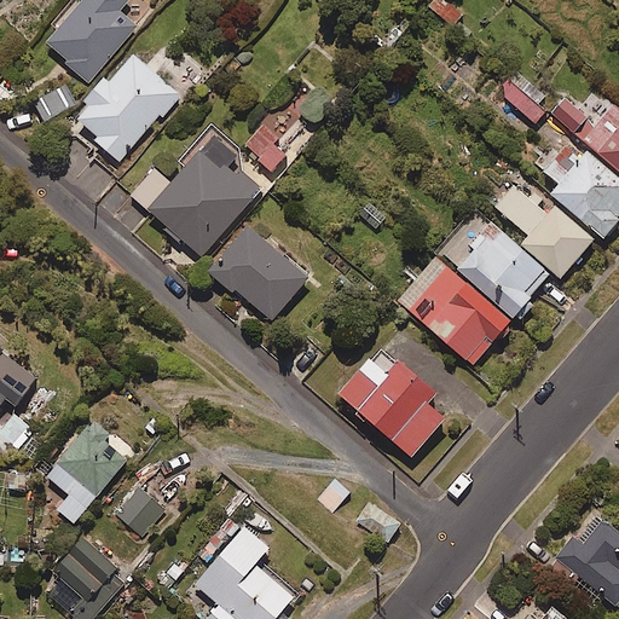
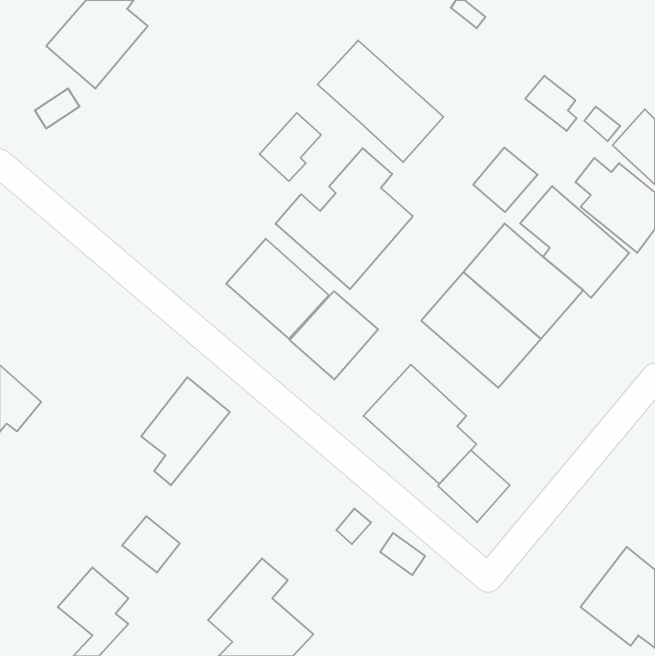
building: none -> [318,40,443,162]
building: [75,53,179,160] -> none
building: [132,125,261,258] -> [275,148,413,289]
building: none -> [473,148,538,212]
building: none -> [290,291,378,380]
building: [47,421,131,522] -> [141,377,230,485]
building: none -> [438,450,510,522]

